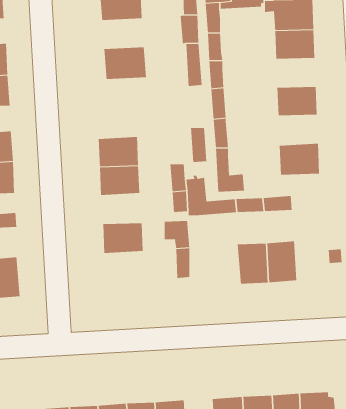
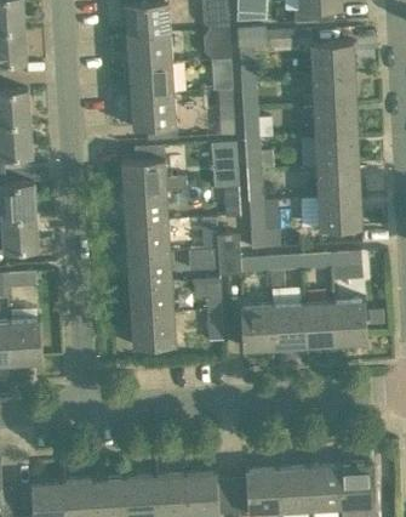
building: none -> [127,63,173,96]
building: none -> [313,106,356,137]
building: none -> [210,142,238,180]
building: none -> [121,144,185,192]
building: none -> [315,166,359,199]
building: none -> [126,250,171,283]
building: none -> [330,251,362,282]
building: none -> [333,300,367,343]
building: none -> [240,305,275,350]
building: none -> [130,312,175,347]

